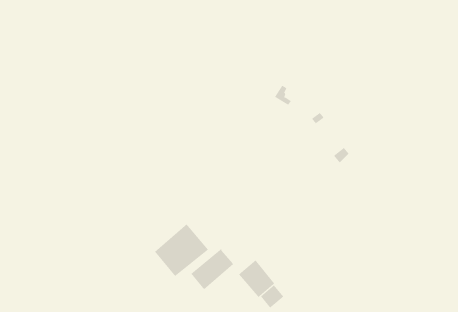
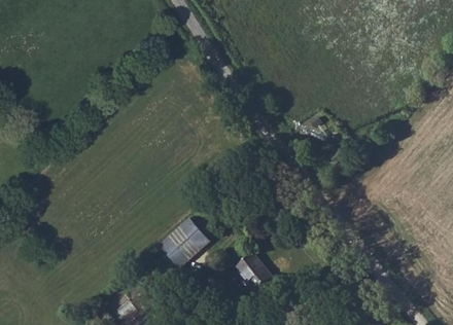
building: [191,248,234,290] -> none

